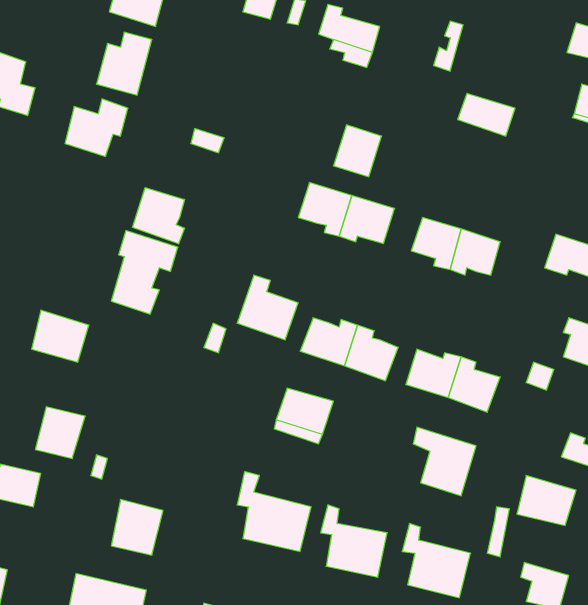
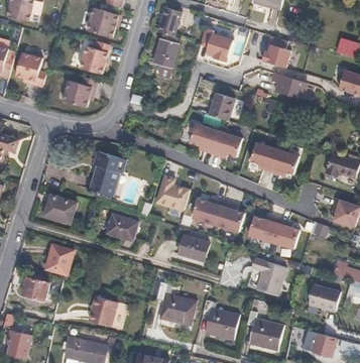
building: none -> [271,35,291,68]
building: none -> [152,38,177,78]
building: [132,188,185,244] -> none
building: none -> [104,217,136,244]

